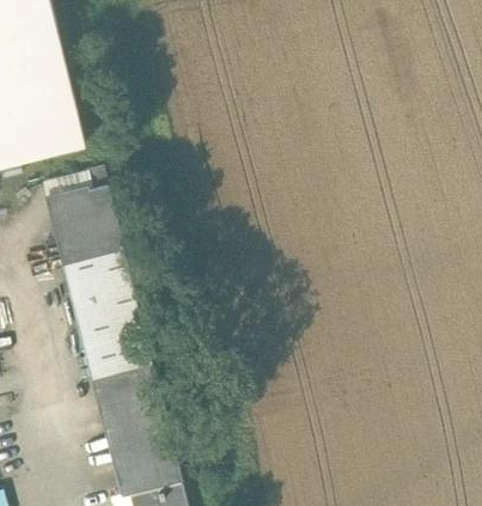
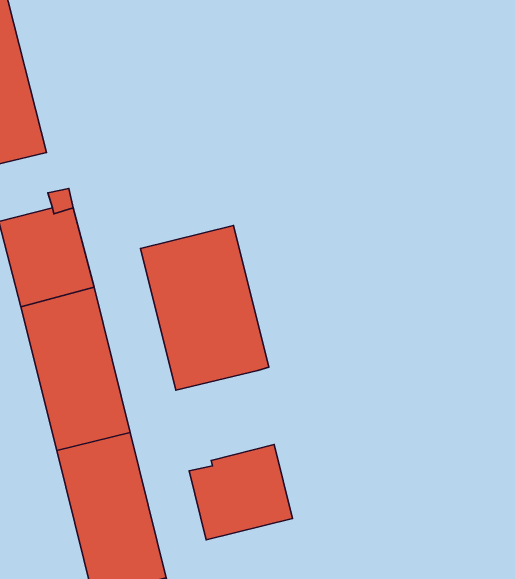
building: none -> [141,225,269,390]
building: none -> [189,444,292,540]

